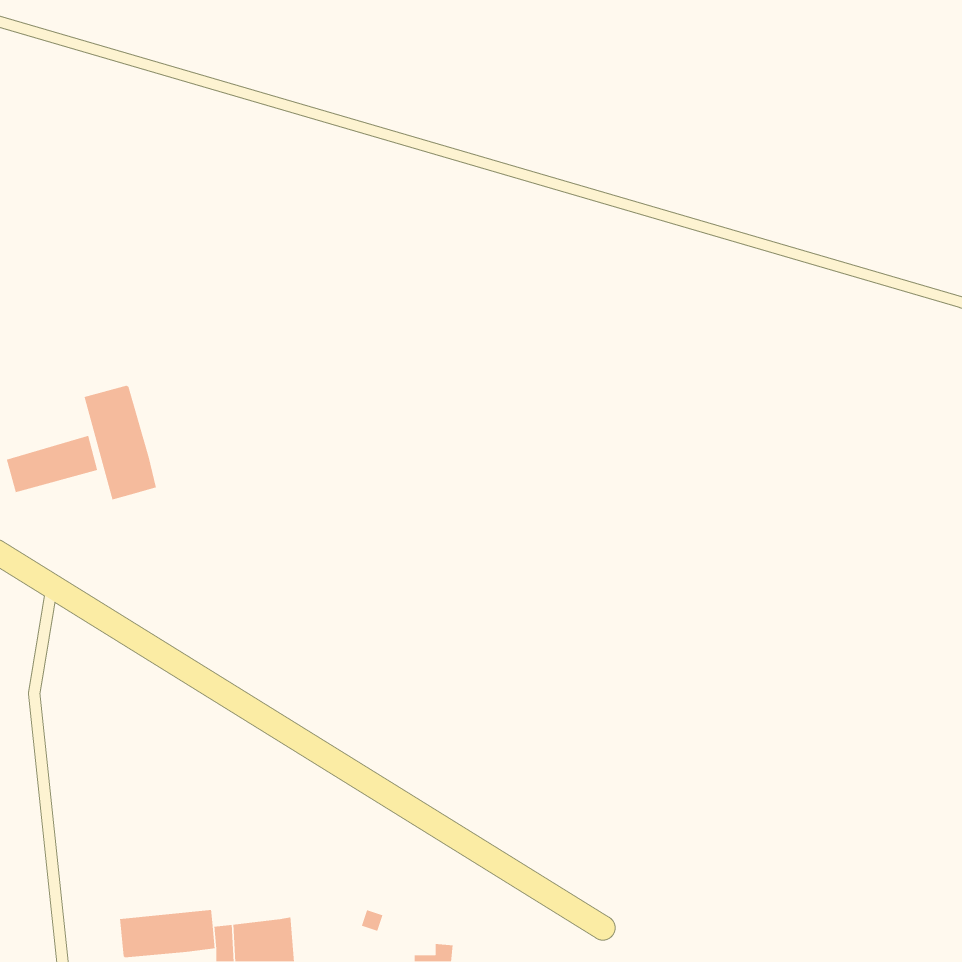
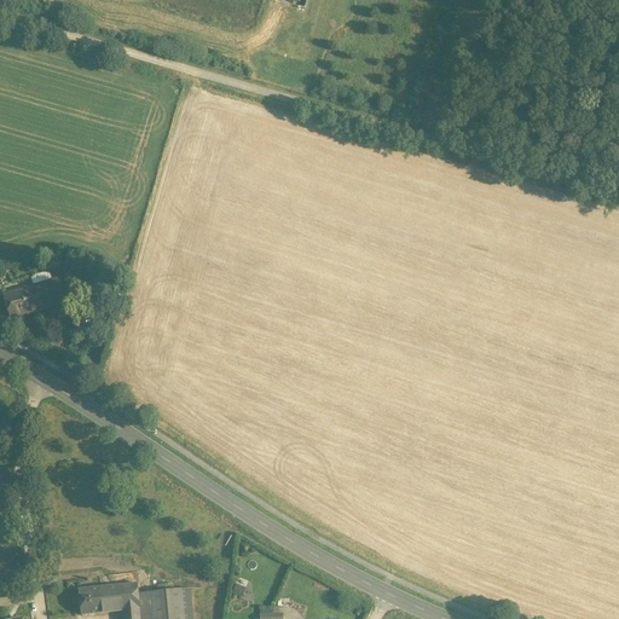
building: [84,385,157,500] -> none

